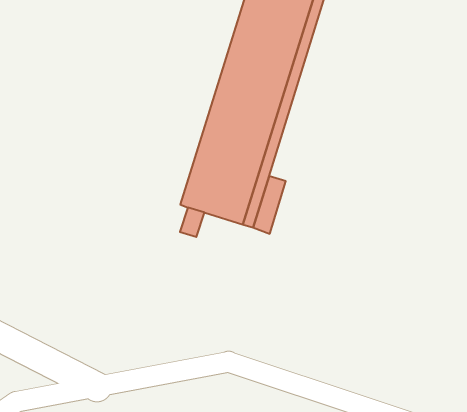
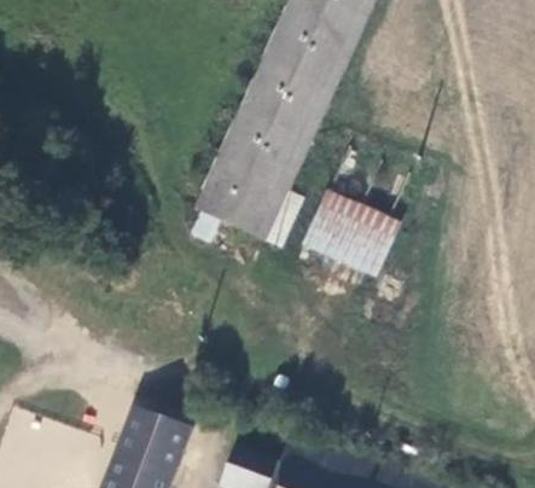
building: none -> [307,194,388,274]

